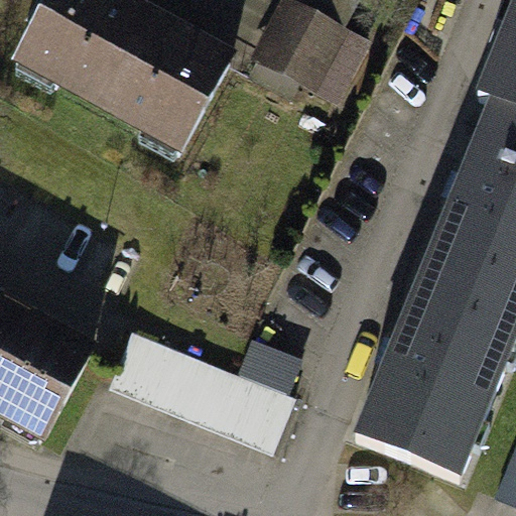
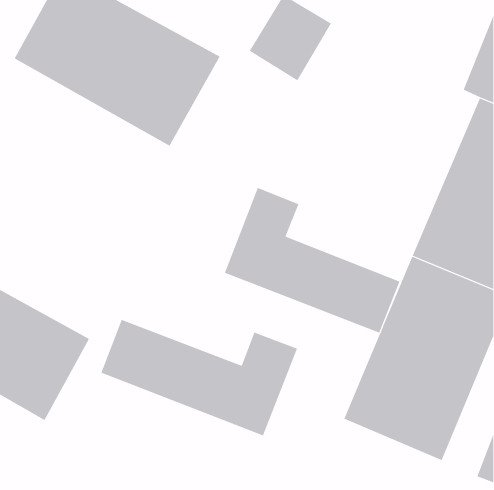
building: none -> [224,187,400,333]

